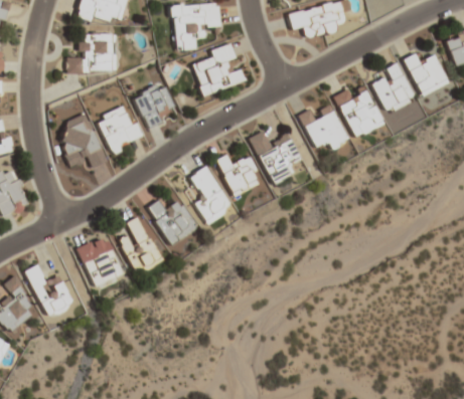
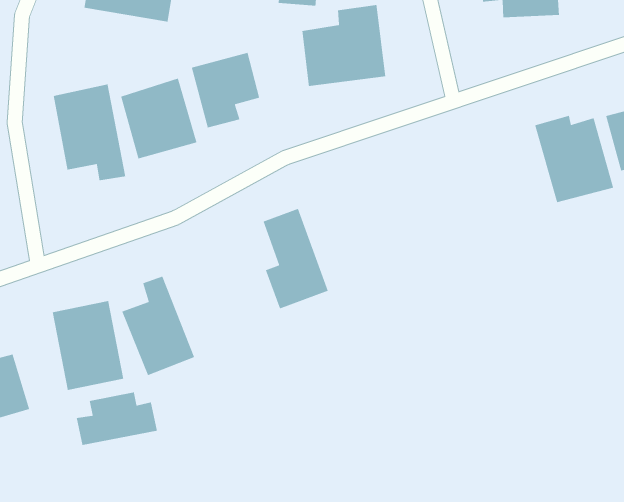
building: [298,108,349,150] -> none
building: [248,129,302,184] -> none
building: [216,154,263,196] -> none
building: [146,198,198,245] -> none
building: none -> [76,391,158,446]

